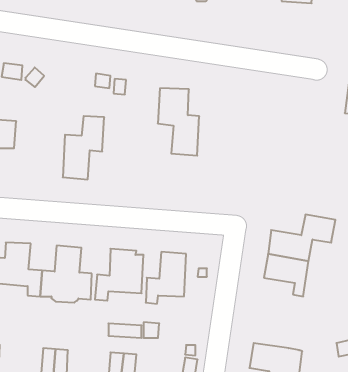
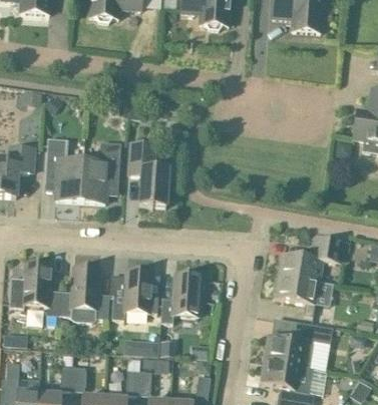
building: [158,88,199,156] -> [126,140,166,206]
building: none -> [45,136,82,199]
building: none -> [265,320,332,367]

